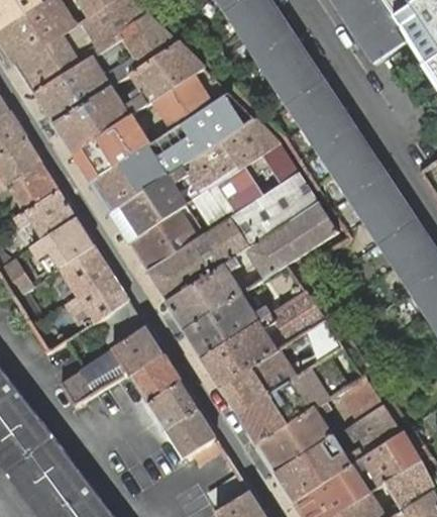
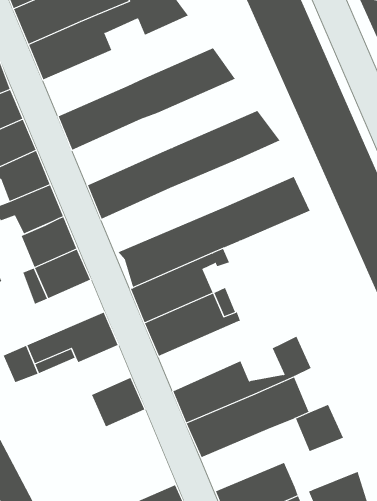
building: [56,43,206,156] -> none
building: [93,94,256,214] -> none
building: [130,143,300,272] -> none
building: [246,202,339,279] -> none
building: [204,292,327,389] -> none
building: [131,355,182,405] -> none
building: [347,405,404,464] -> none
building: [258,408,335,474] -> none
building: [167,410,217,458] -> none

